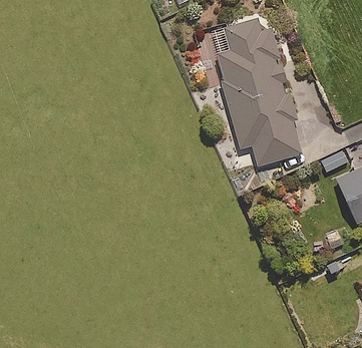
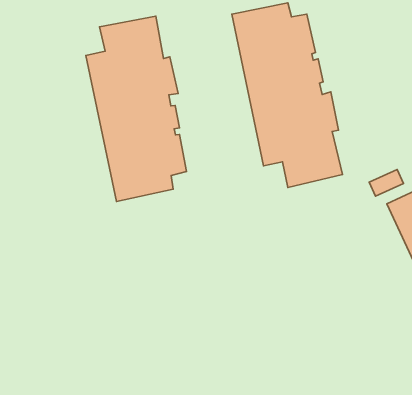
building: none -> [86,16,186,201]

